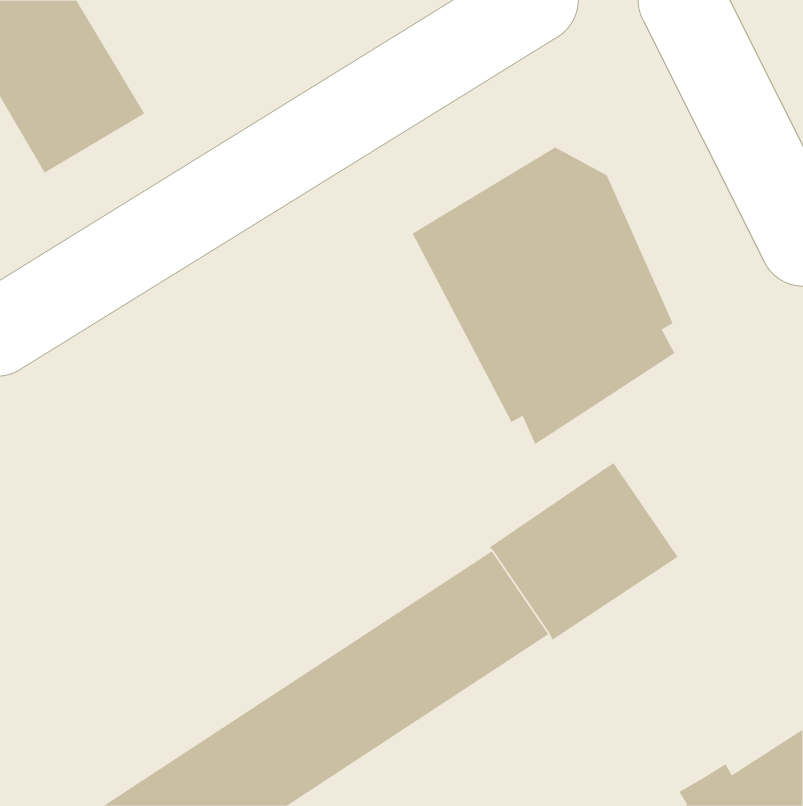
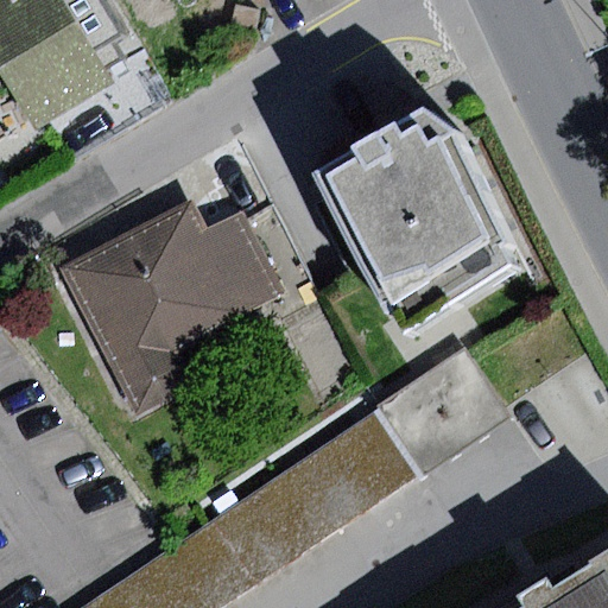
building: none -> [59,201,286,416]

